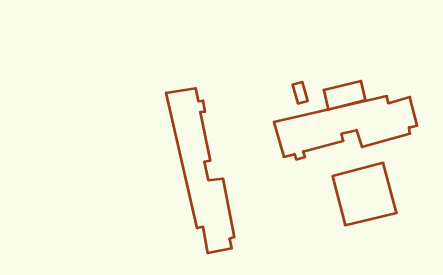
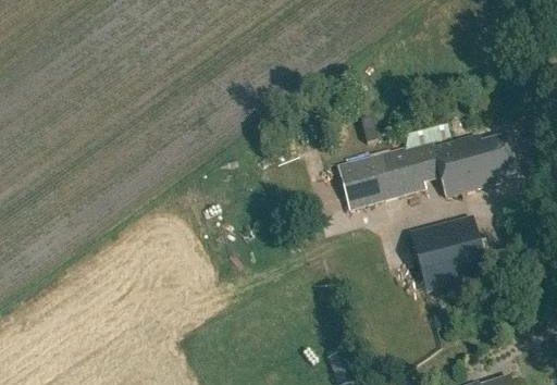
building: [166,88,234,253] -> none

